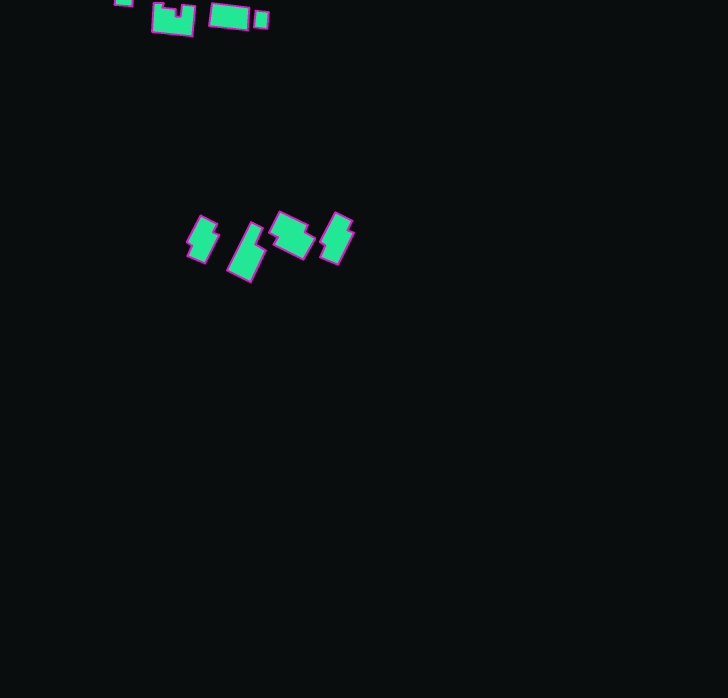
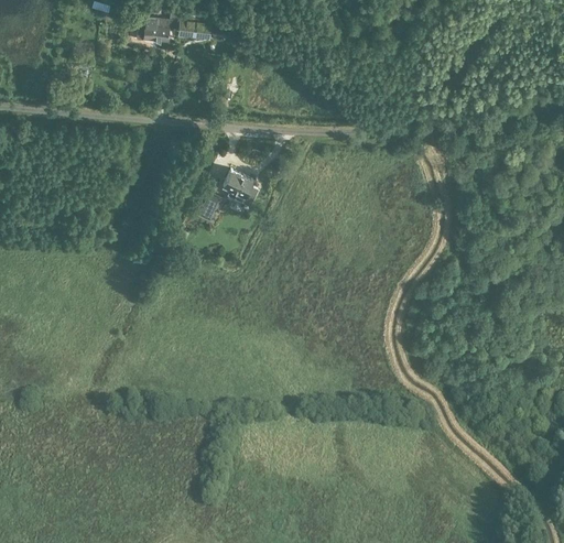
building: [320,212,354,265] -> none
building: [187,215,219,264] -> none

